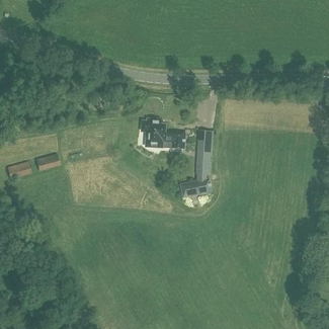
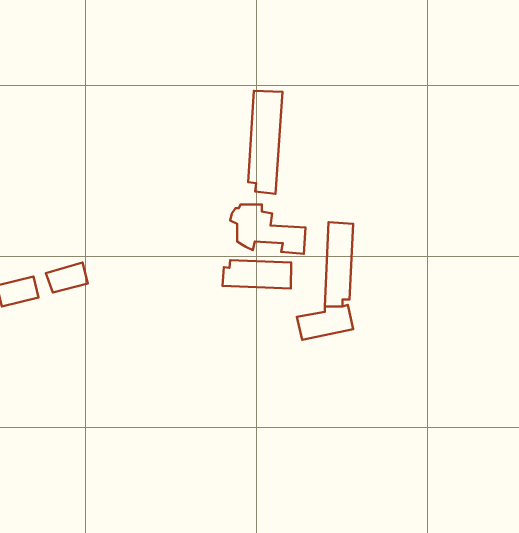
building: none -> [248,91,282,194]
building: none -> [223,260,291,289]

